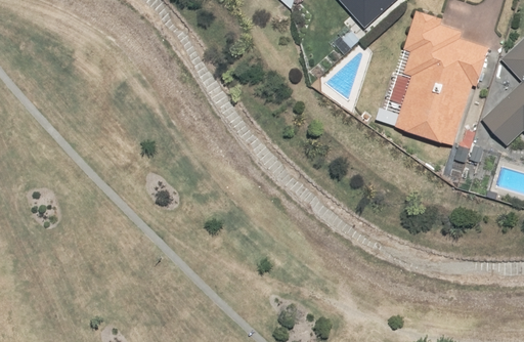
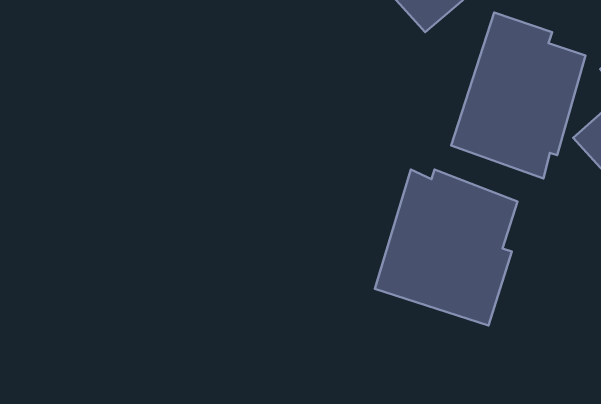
building: none -> [375,169,517,326]

